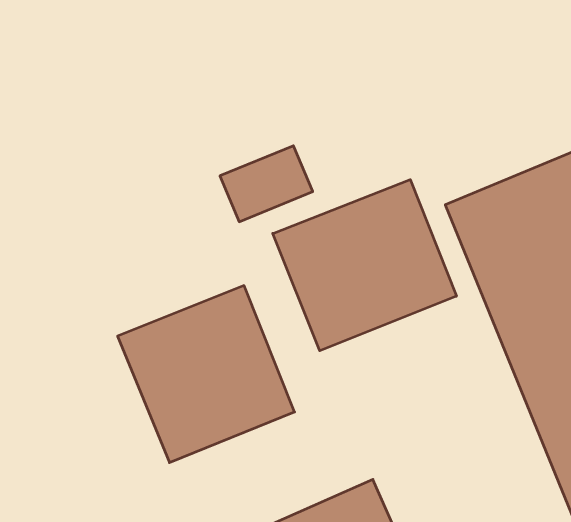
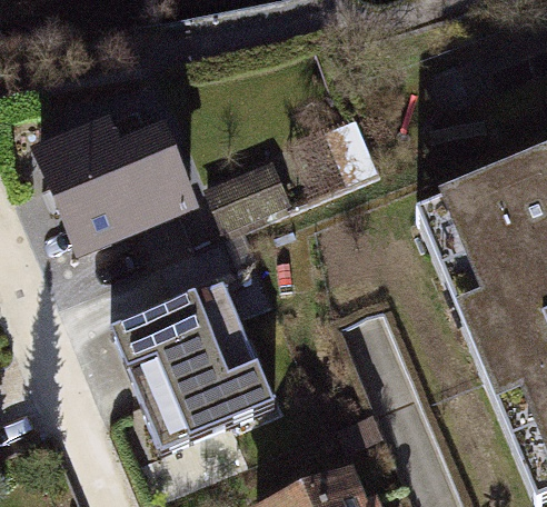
building: none -> [30,98,198,256]
building: [273,180,456,351] -> none

